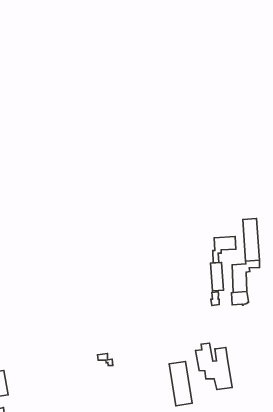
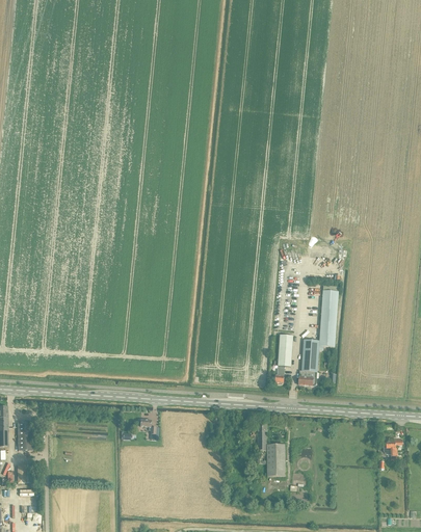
building: [213,237,236,263] -> none
building: [169,361,192,406] -> none

